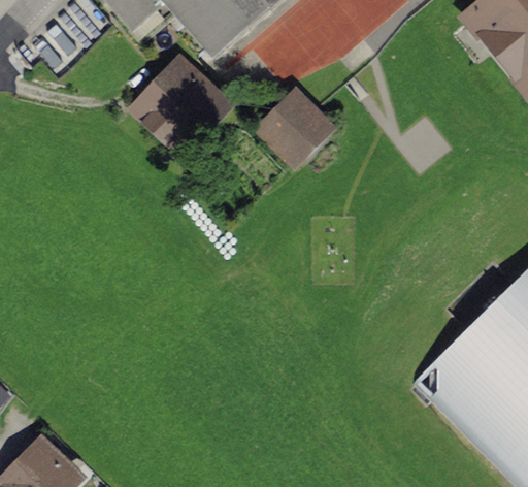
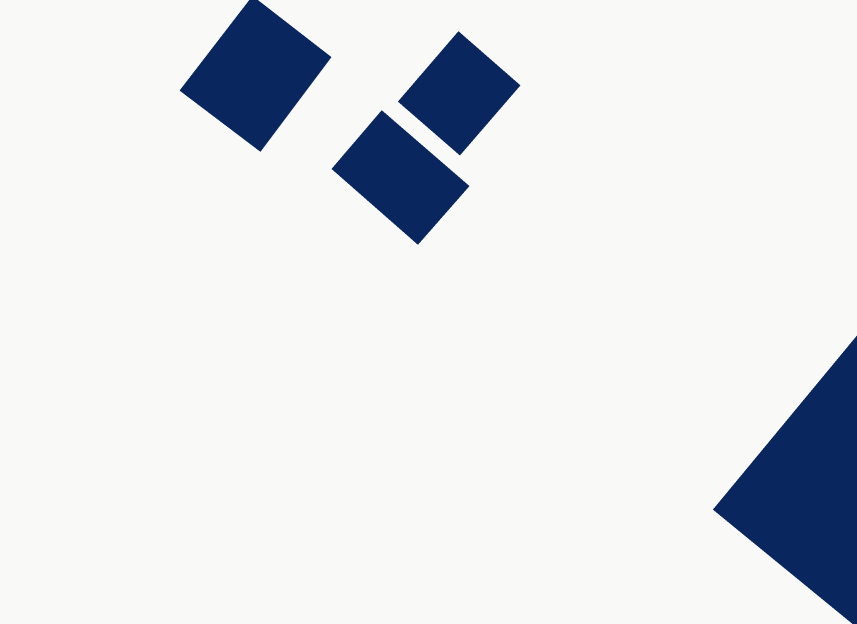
building: none -> [331,109,470,246]

